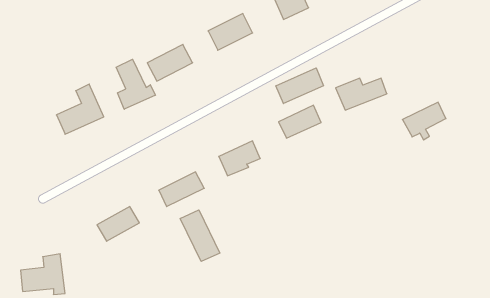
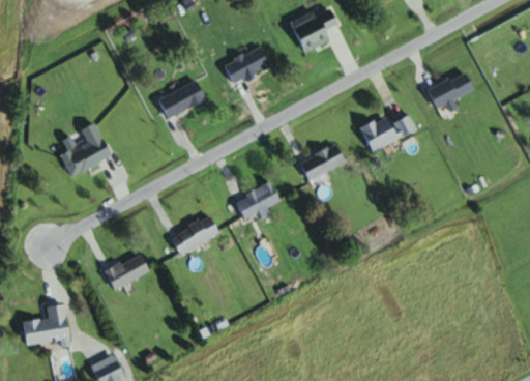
building: [116,59,155,109] -> none
building: [276,68,323,104] -> none
building: [402,102,446,140] -> [428,71,474,112]
building: [180,210,220,261] -> none

